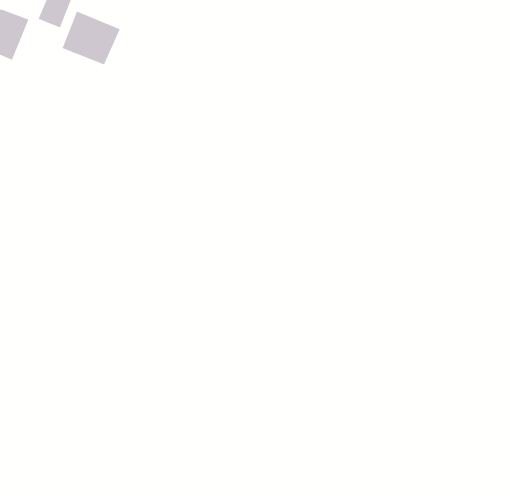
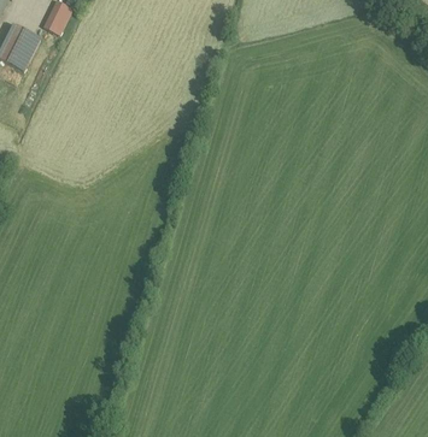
building: [61,11,121,66] -> none

